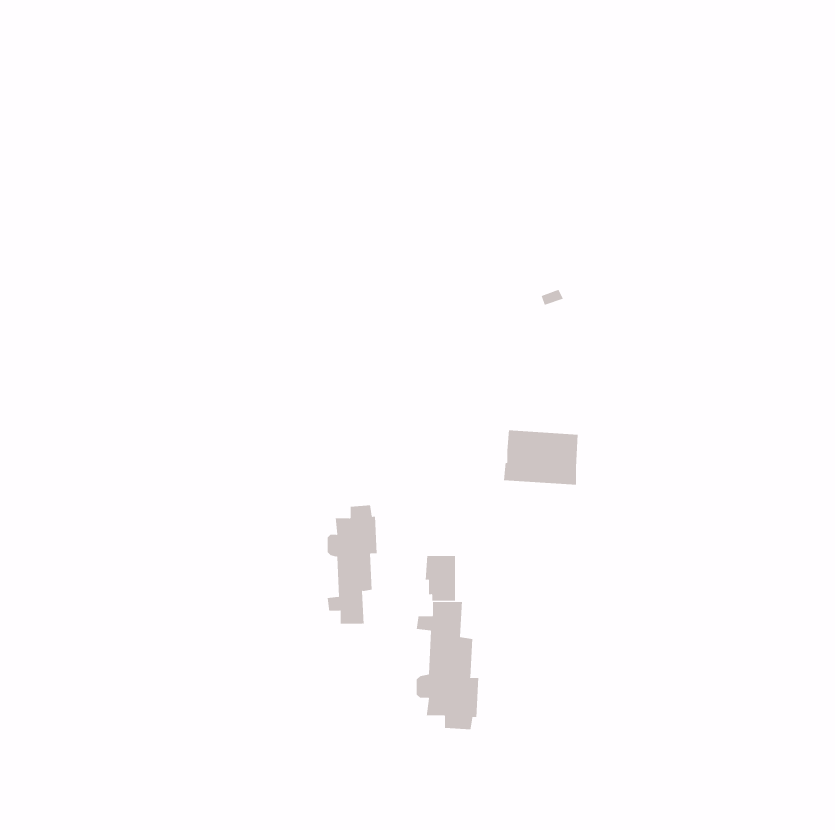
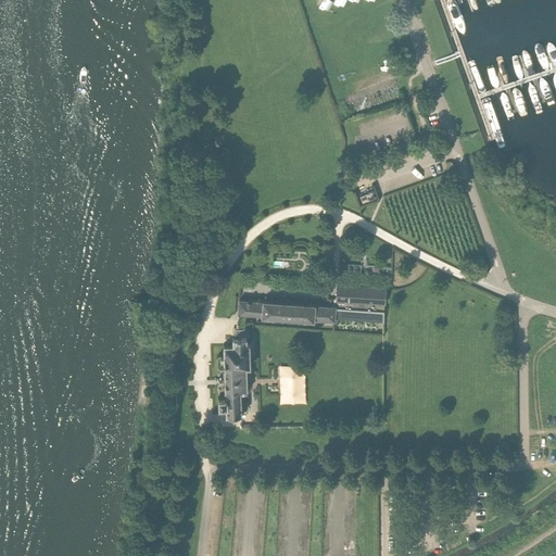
building: none -> [238,303,336,325]
building: [416,601,479,730] -> none

